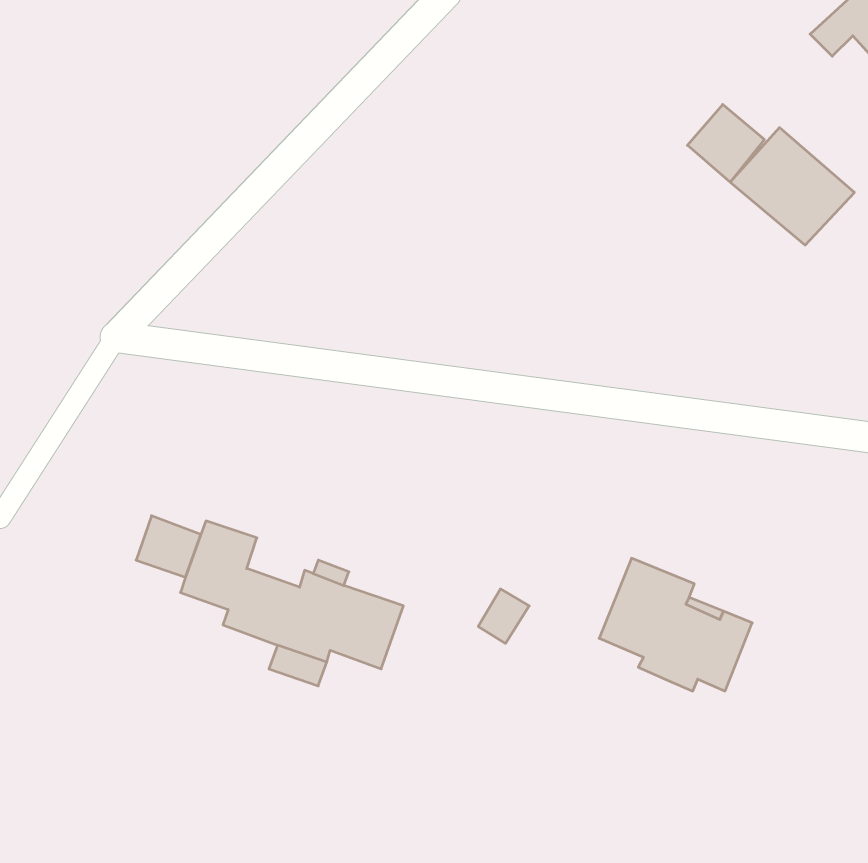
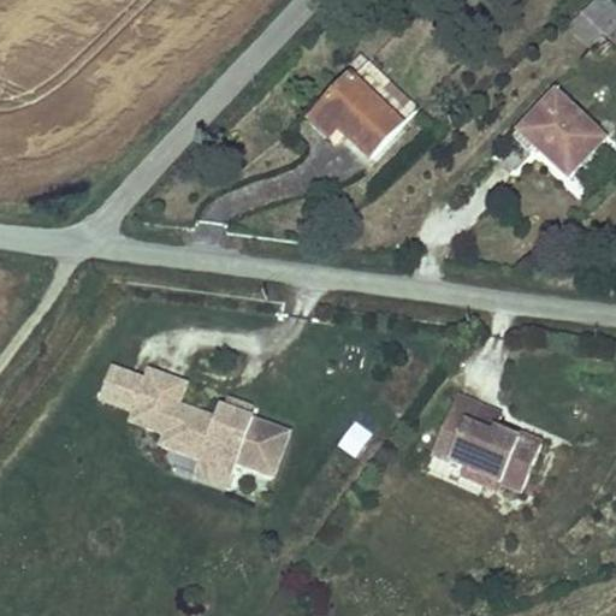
building: none -> [314,61,424,159]
building: [687,104,764,182] -> none

